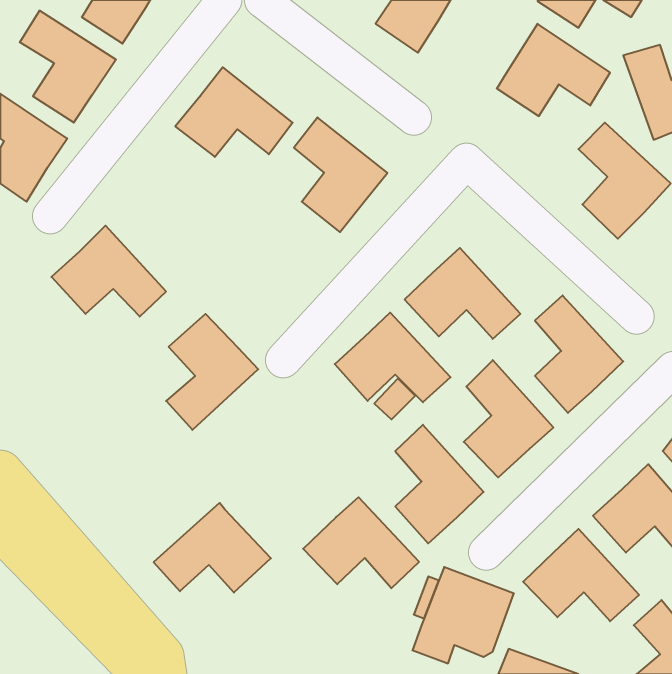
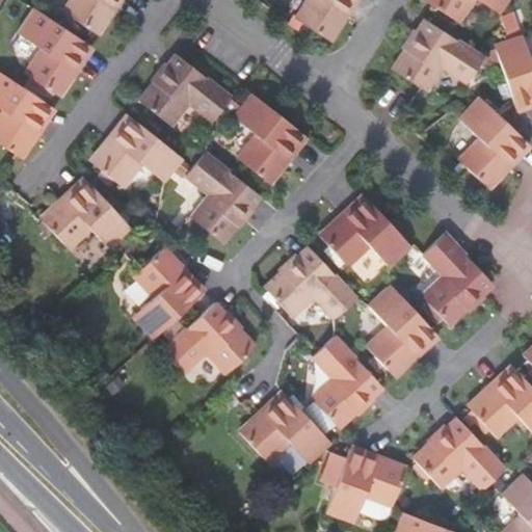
building: none -> [91,115,184,186]
building: none -> [186,152,260,242]
building: [154,503,271,593] -> [163,302,256,373]

